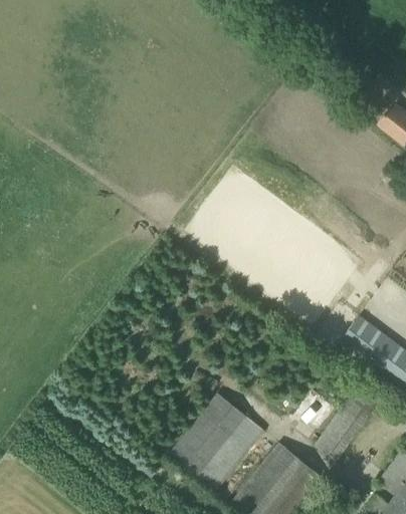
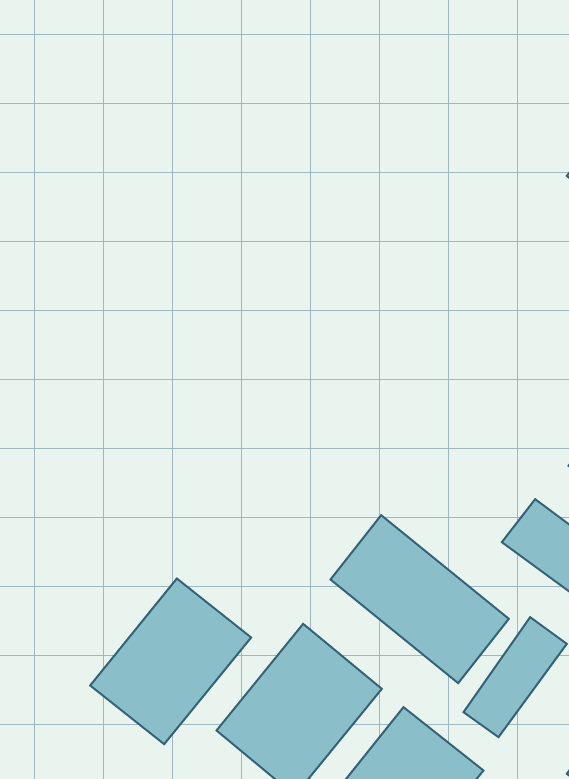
building: none -> [330,515,509,683]
building: none -> [90,579,251,744]

